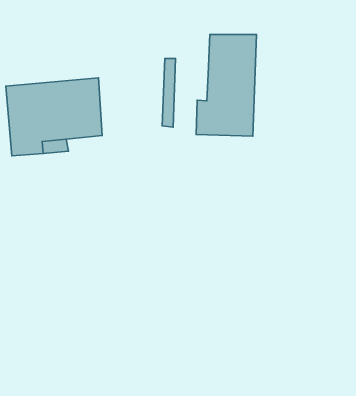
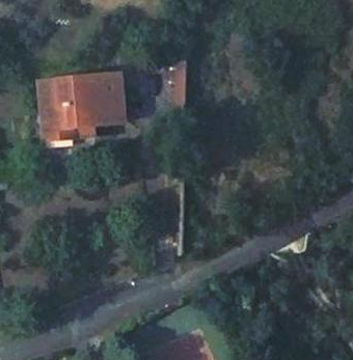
building: [196,35,256,136] -> none

